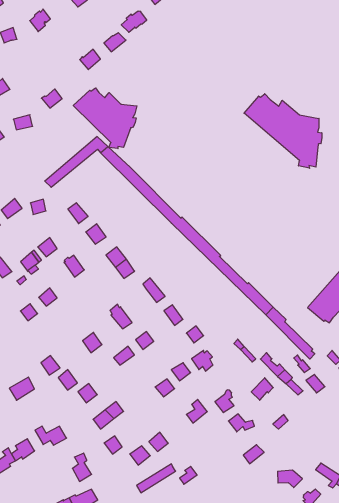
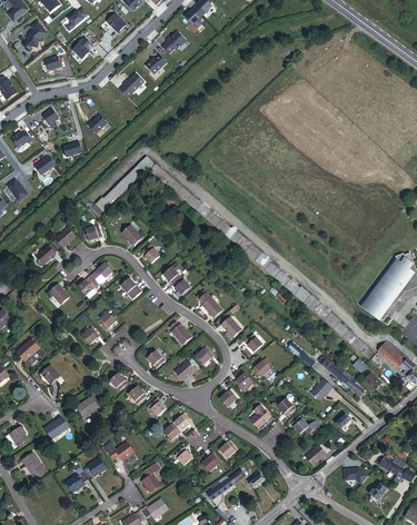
building: [73,88,137,149] -> none
building: [244,94,322,168] -> none

